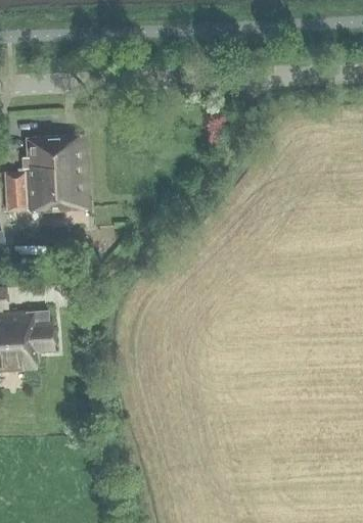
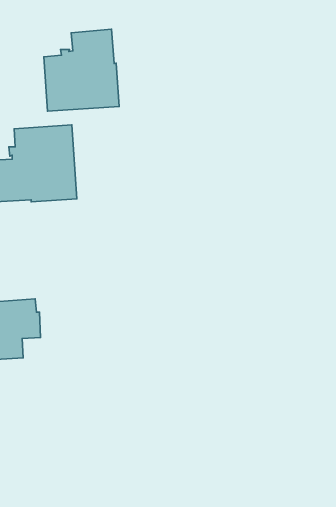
building: none -> [44,29,119,111]

